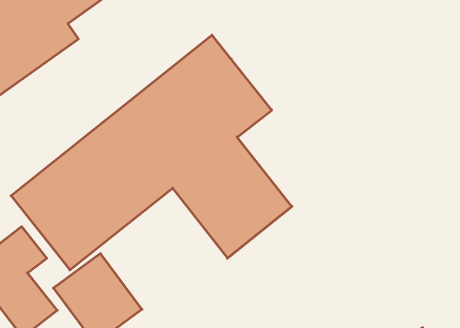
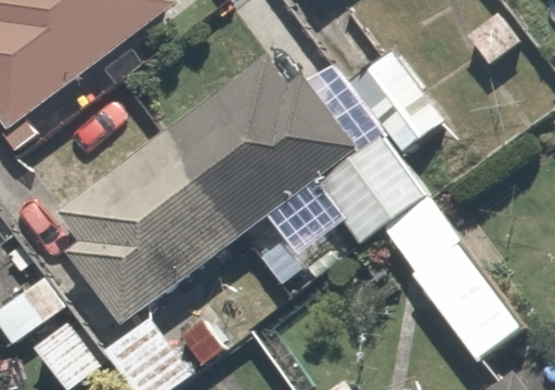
building: none -> [295,43,447,164]
building: none -> [377,191,524,361]

